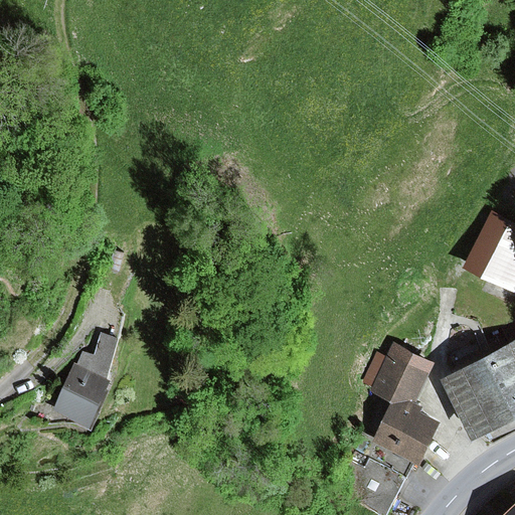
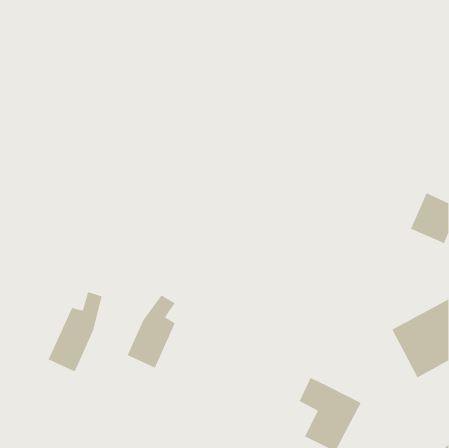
building: none -> [127,295,175,368]
building: [360,343,442,466] -> none

